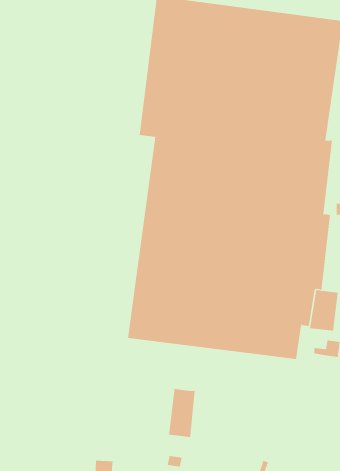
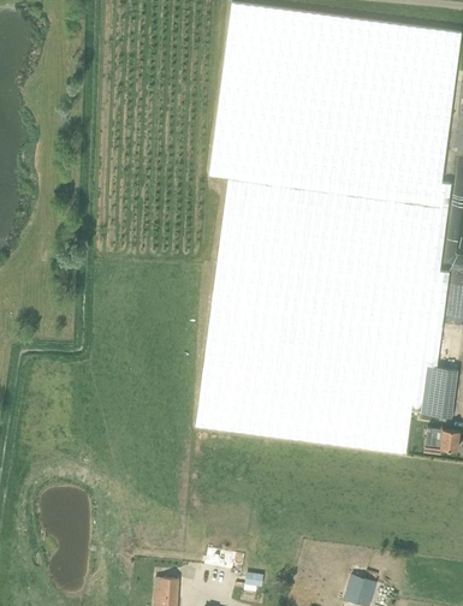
building: [169,388,195,438] -> none

